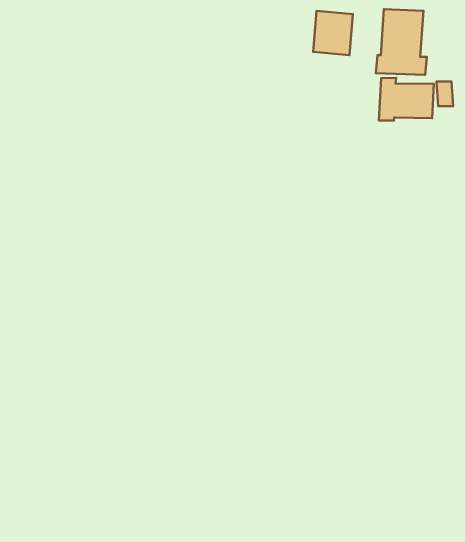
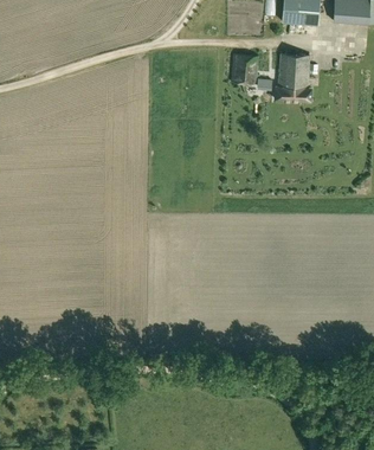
building: [379,78,434,121] -> none

